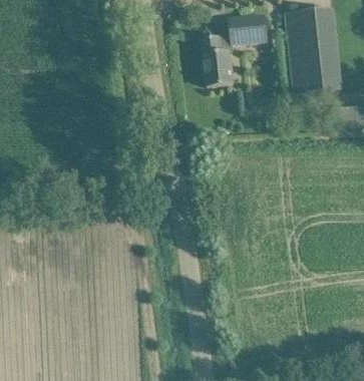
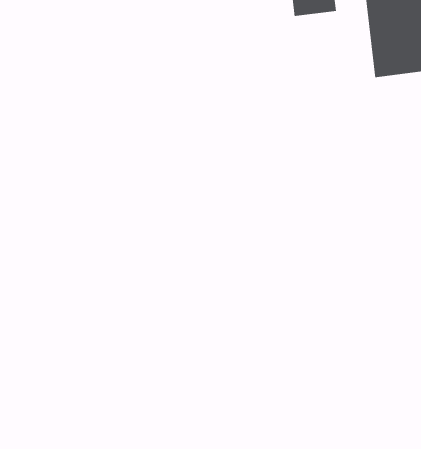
building: [201,37,232,87] -> none

